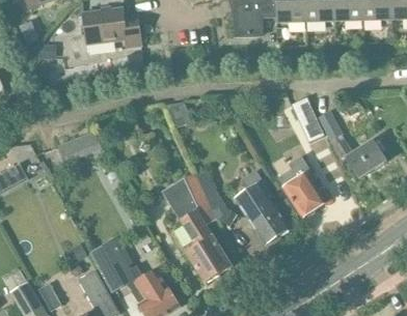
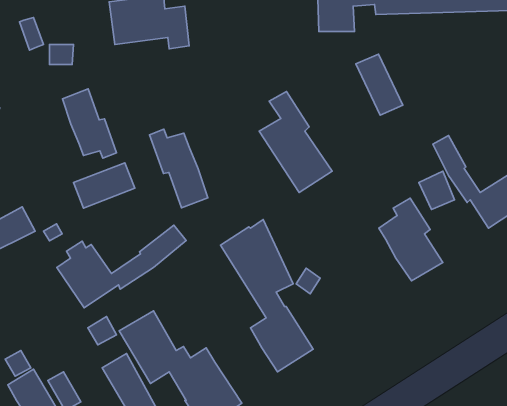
building: none -> [62,89,117,158]
building: [290,97,324,142] -> [356,54,403,115]
building: none -> [149,129,208,208]
building: [236,171,289,245] -> [259,91,332,192]
building: none -> [57,225,186,308]

